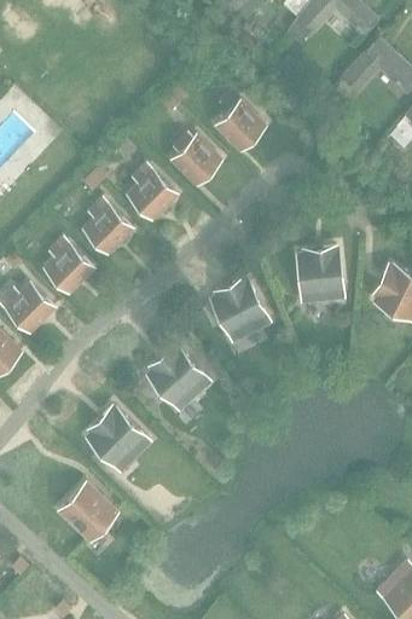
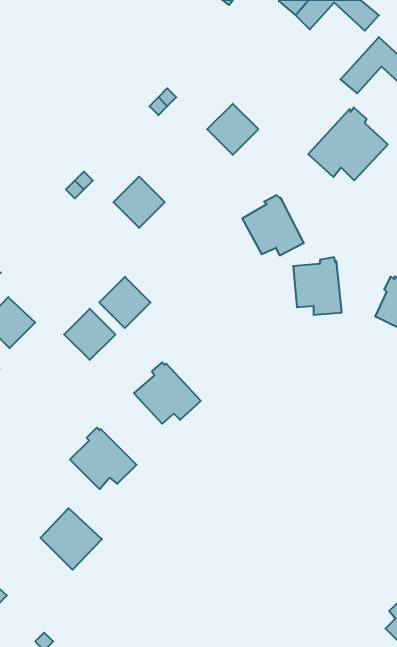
building: none -> [308,107,388,180]
building: [172,138,220,186] -> none
building: [82,206,130,254] -> [99,277,151,328]
building: [43,245,92,294] -> [64,309,115,360]
building: [210,279,268,336] -> [242,195,304,255]

